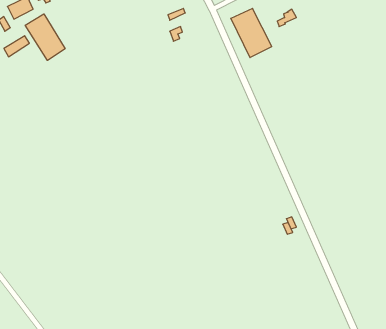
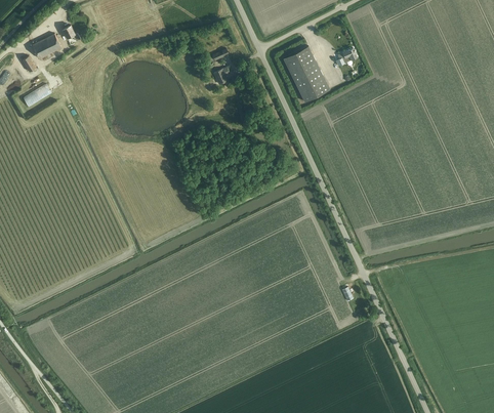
building: [25,14,65,60] -> none

